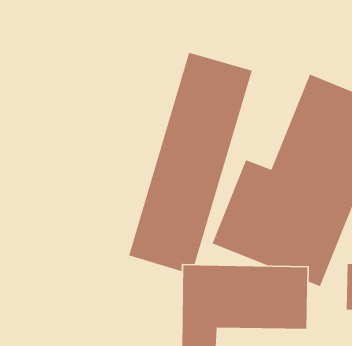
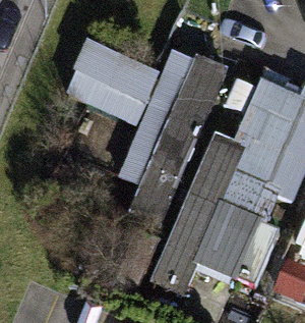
building: none -> [65,38,160,123]

